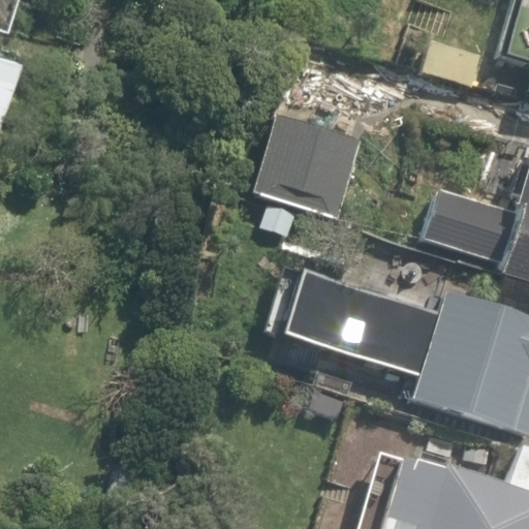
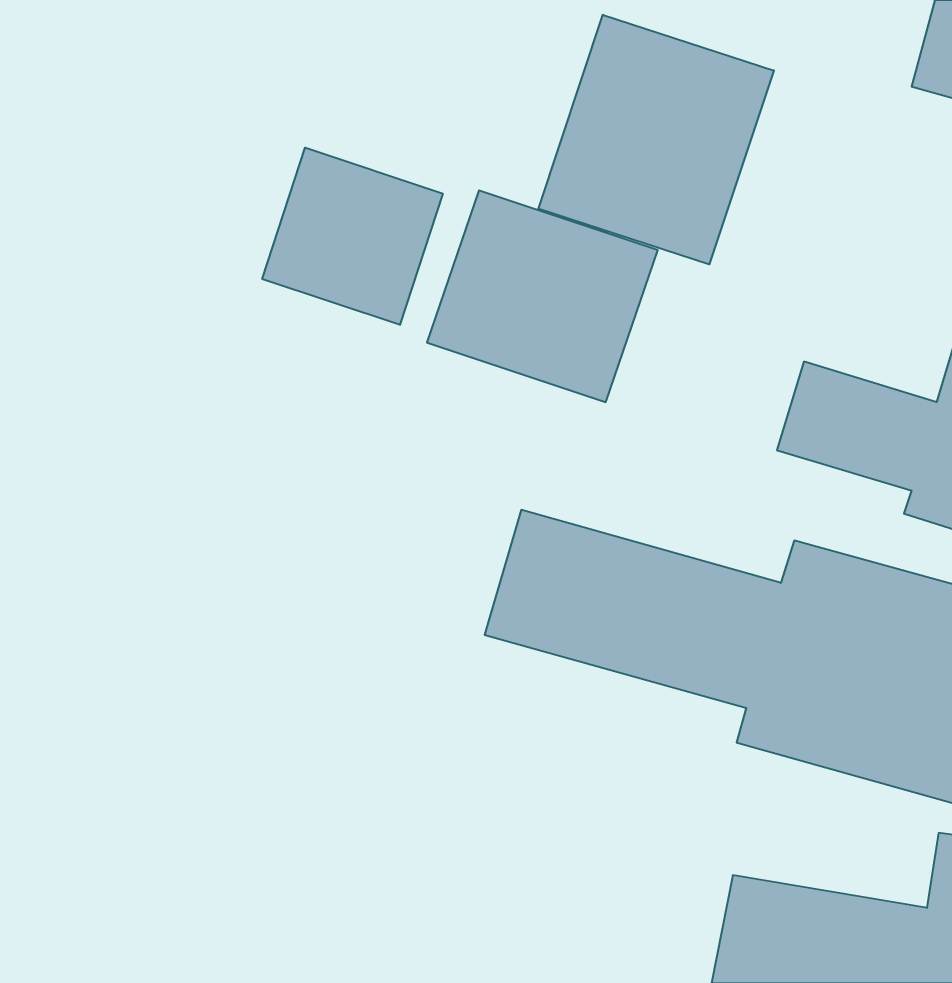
building: none -> [538,15,774,264]
building: none -> [262,148,443,325]

